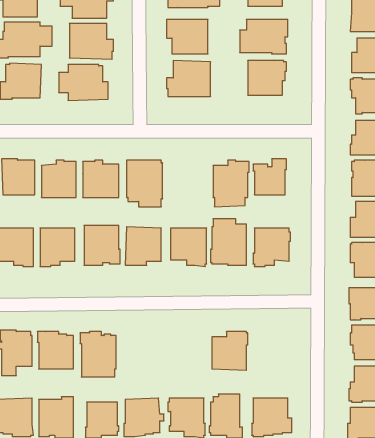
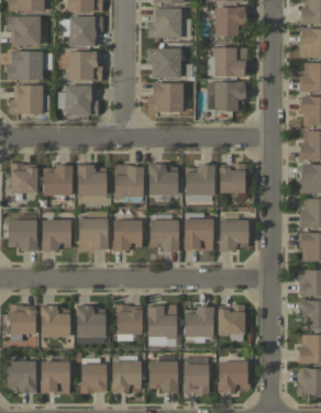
building: none -> [148,164,178,196]
building: none -> [117,304,143,339]
building: none -> [148,305,178,346]
building: none -> [218,305,245,343]

